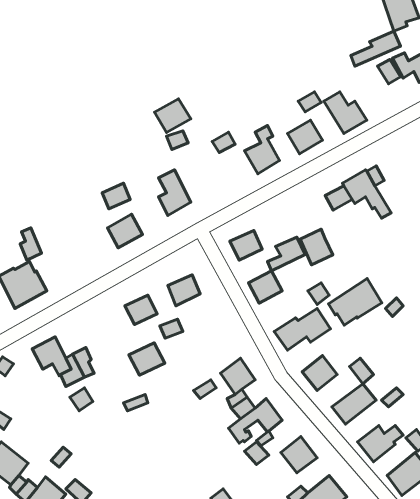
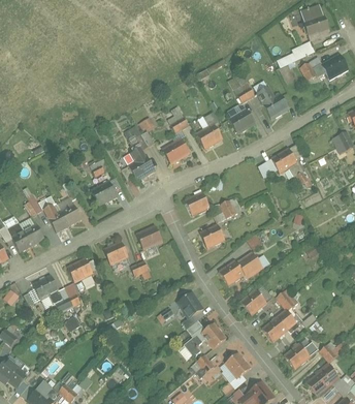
building: [154,99,191,132] -> [162,137,190,163]
building: [300,229,333,265] -> none
building: none -> [42,203,82,232]
building: [328,279,382,325] -> none
building: [129,343,165,375] -> [66,257,94,282]

